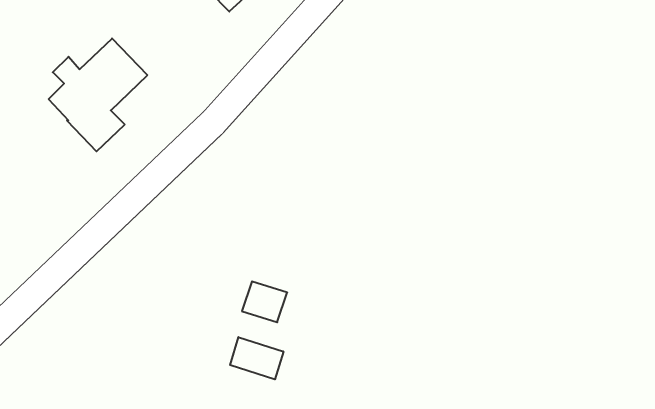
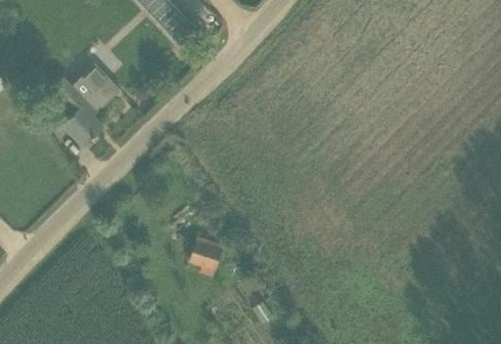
building: [230,337,283,379] -> none

